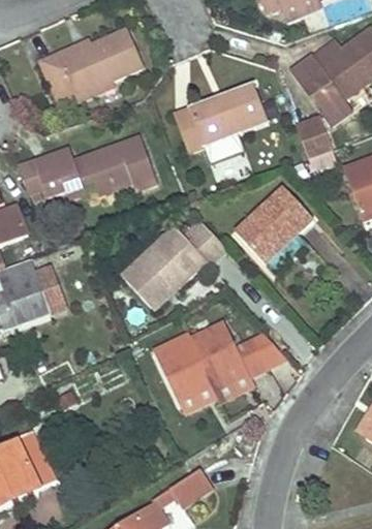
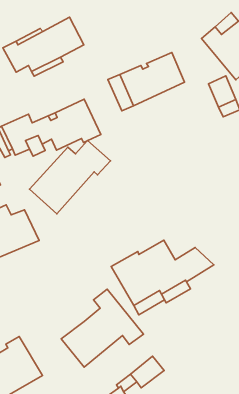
building: [235,186,313,264] -> none
building: [121,219,226,309] -> [30,141,110,214]
building: none -> [61,289,144,367]

